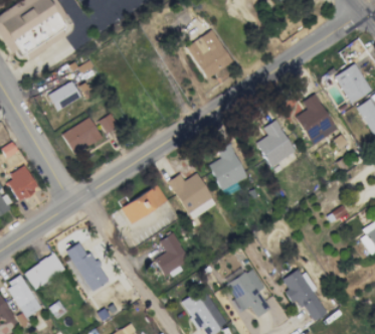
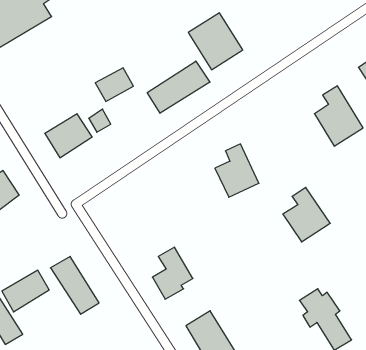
building: none -> [147,61,210,113]
building: [48,80,81,110] -> [95,68,133,101]
building: [255,120,297,167] -> [283,187,330,242]
building: [168,173,216,219] -> none
building: [122,183,169,224] -> none
building: [224,267,271,317] -> none

